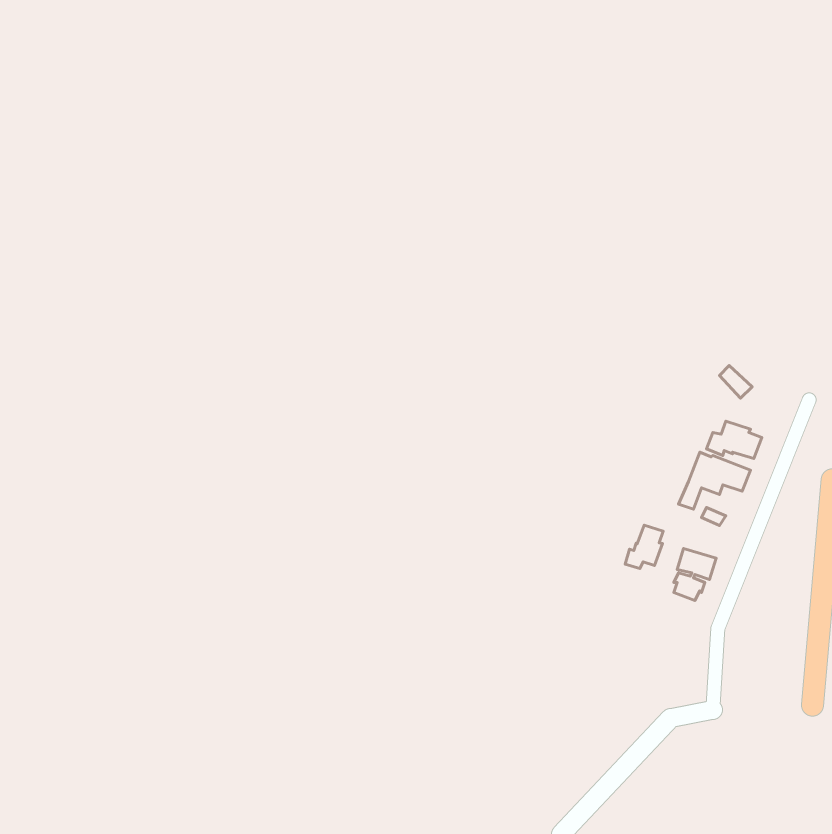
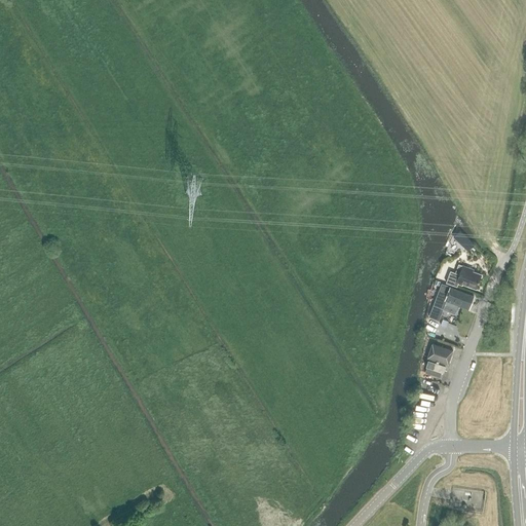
building: [625,525,663,569] -> none

